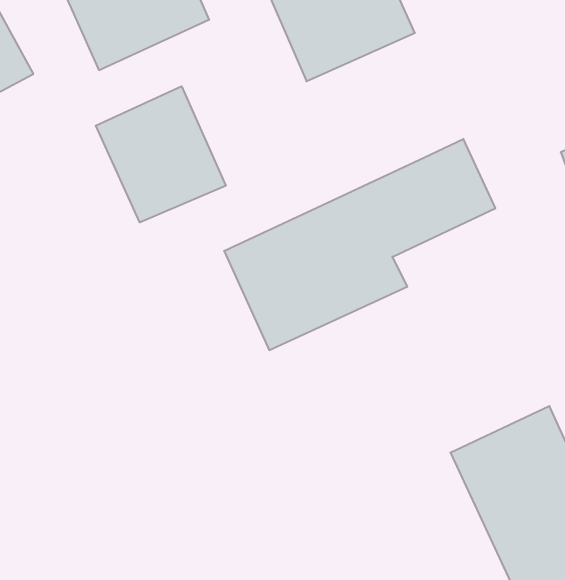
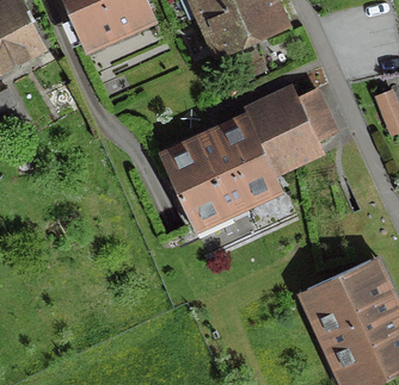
building: [96,86,226,222] -> none

